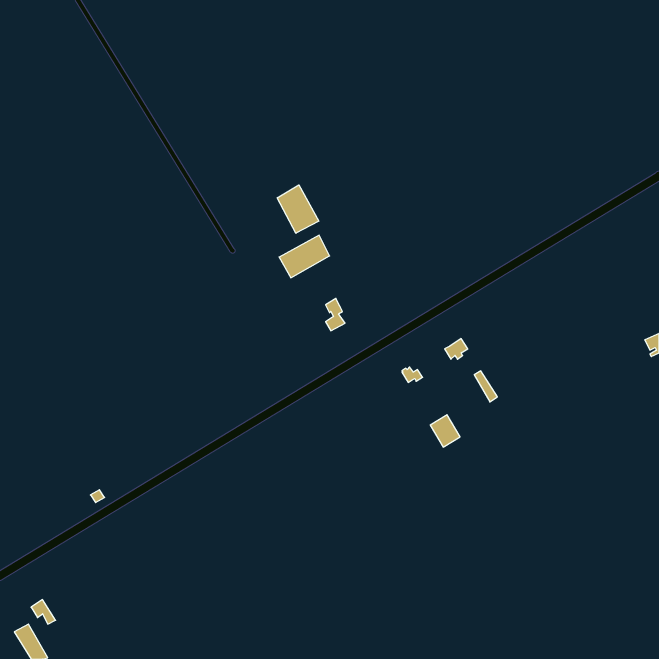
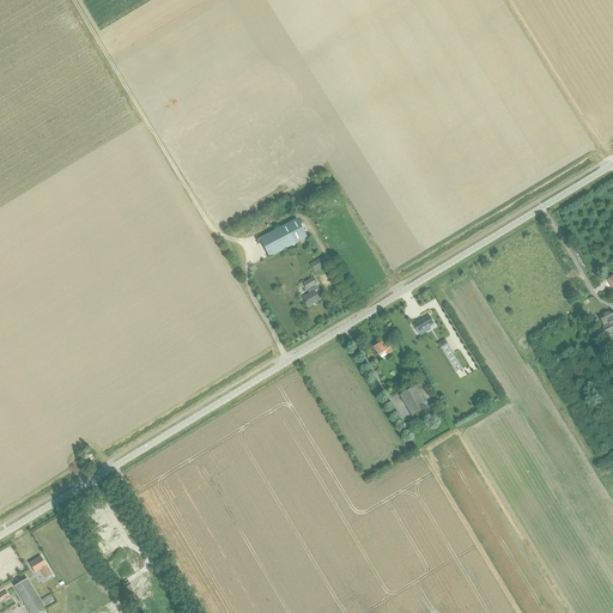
building: [277,185,319,233] -> none

